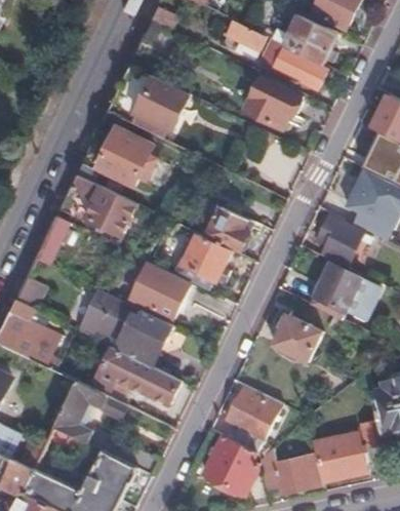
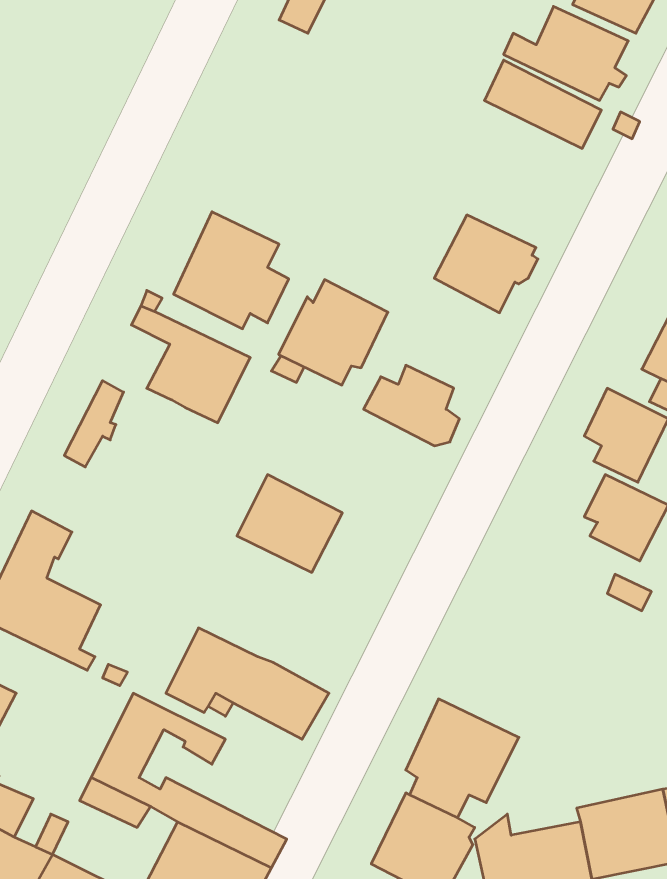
building: [218,18,265,60] -> none
building: [131,76,188,132] -> none
building: [245,79,301,131] -> [434,215,538,313]
building: [171,232,230,288] -> [279,280,388,385]
building: [78,289,172,365] -> none
building: [270,318,319,363] -> none

